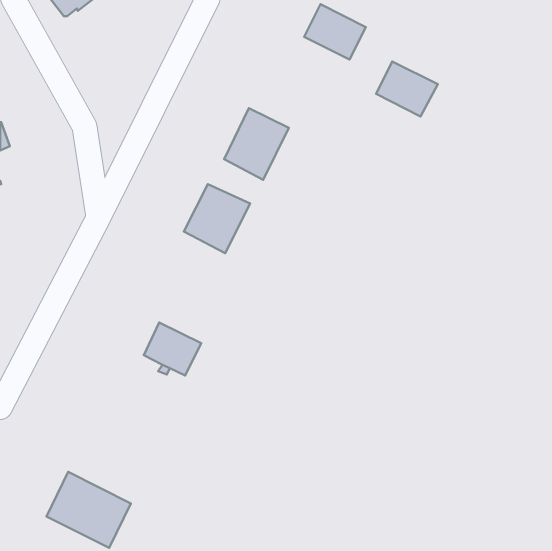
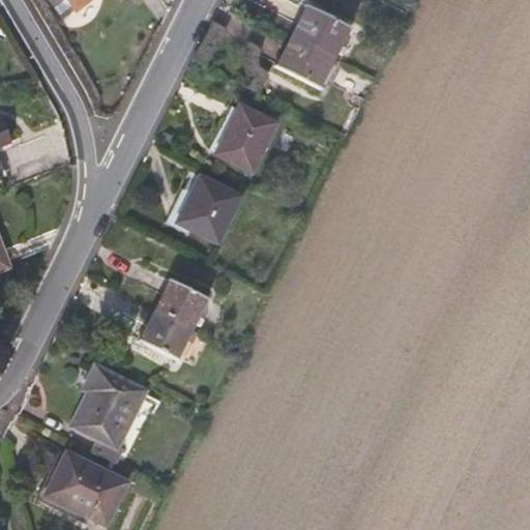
building: [376,61,438,117] -> [276,35,335,88]
building: none -> [153,277,209,328]
building: none -> [72,364,145,461]

